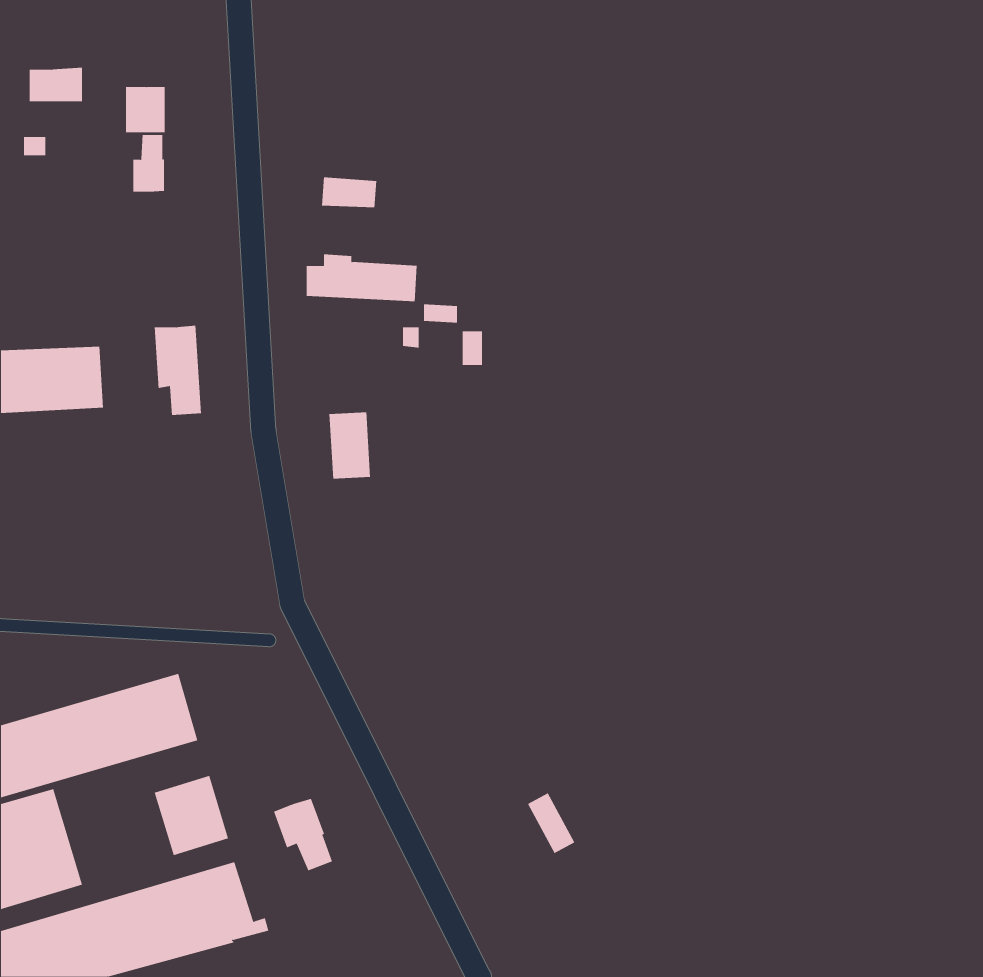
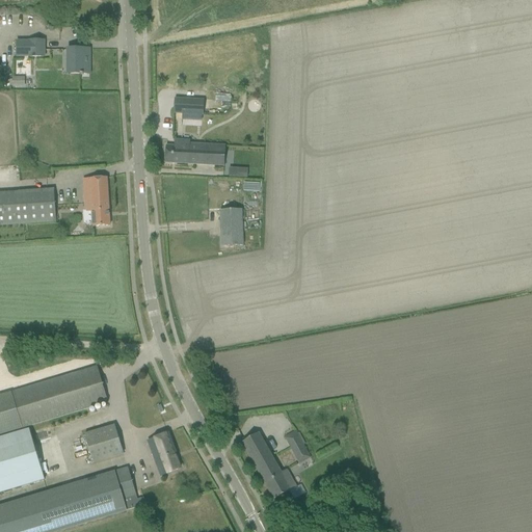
building: [133,134,164,193] -> none
building: [329,412,371,479] -> [220,210,243,246]
building: none -> [241,430,297,497]

